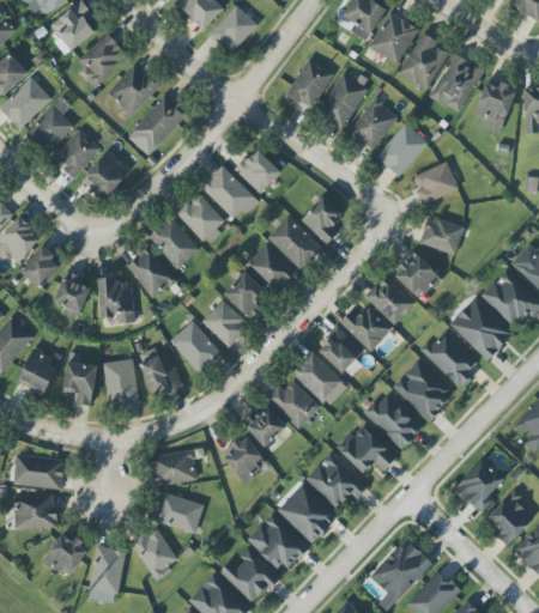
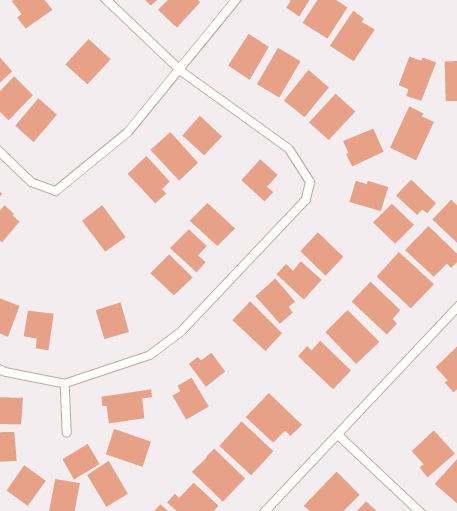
building: [77,32,129,89] -> none
building: [431,53,482,114] -> [389,105,435,161]
building: [127,95,187,156] -> none
building: [83,151,123,199] -> none
building: [267,216,321,269] -> none
building: [149,217,200,269] -> none
building: none -> [395,179,437,216]
building: [394,254,441,299] -> [372,203,415,244]
building: [55,271,87,320] -> none
building: [98,277,134,323] -> none
building: [171,321,220,372] -> none
building: [103,359,138,405] -> none
building: [266,381,320,429] -> none
building: [340,426,395,473] -> none
building: [454,459,504,514] -> none
building: none -> [61,443,101,481]

